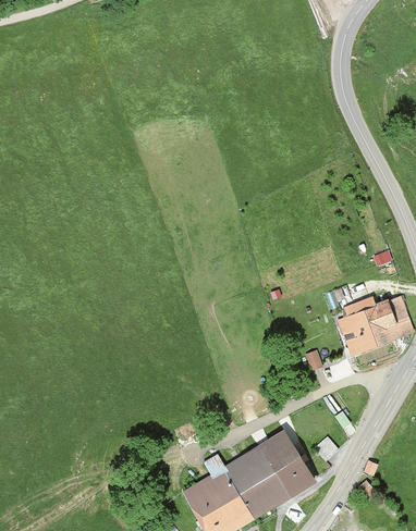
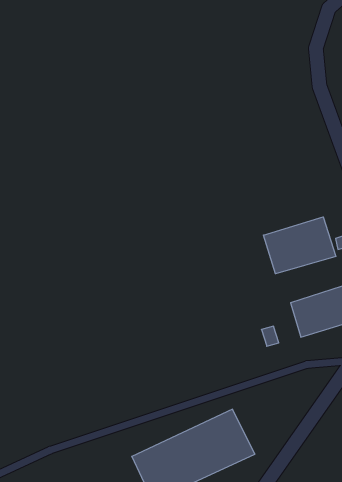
building: none -> [263,217,336,274]

